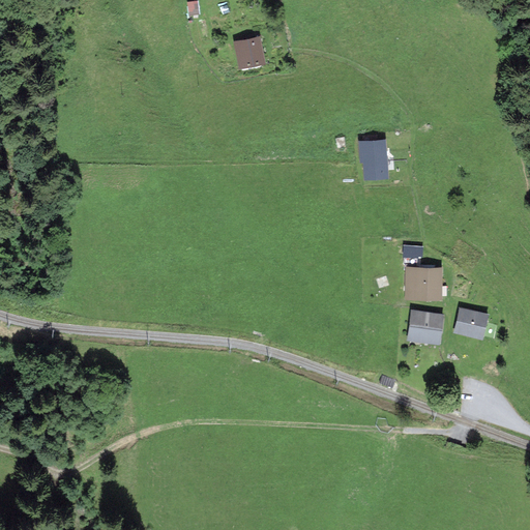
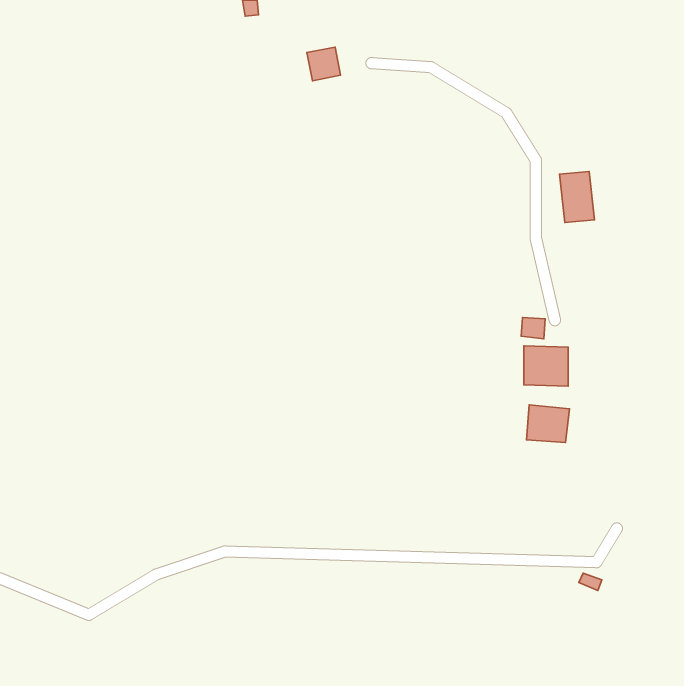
building: [363,139,390,178] -> [560,171,595,222]
building: [453,308,484,336] -> none

